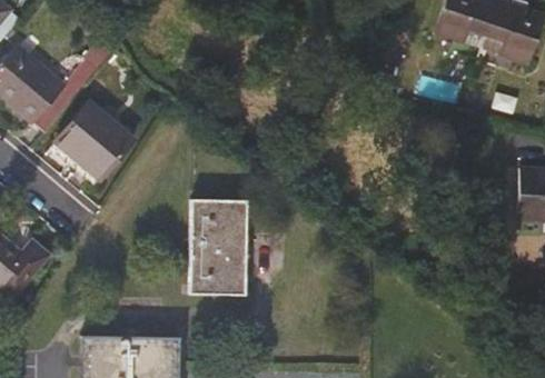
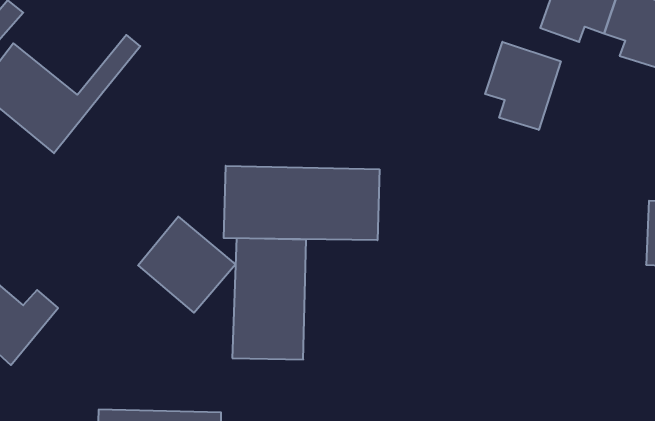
building: none -> [485,42,561,130]
building: [56,102,133,179] -> [138,217,236,313]
building: none -> [224,166,379,240]

